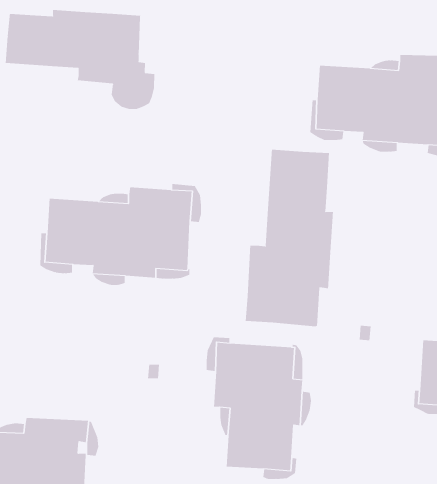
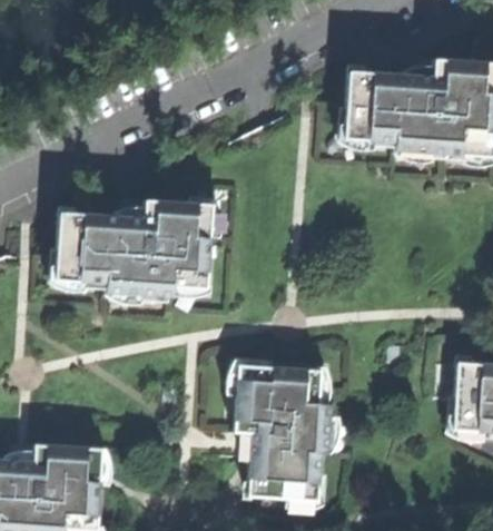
building: [5,9,155,110] -> none
building: [245,149,334,327] -> none

